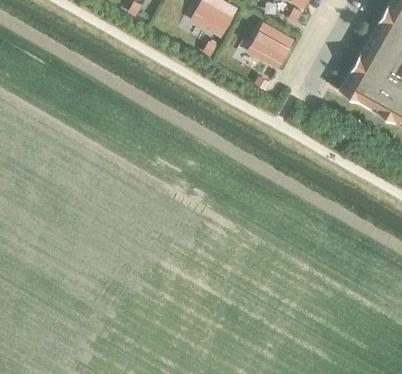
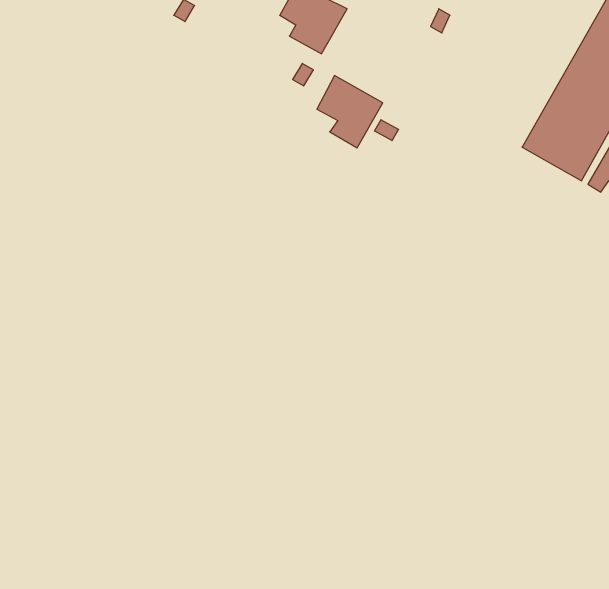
building: [251,22,292,67] -> [317,76,383,148]

